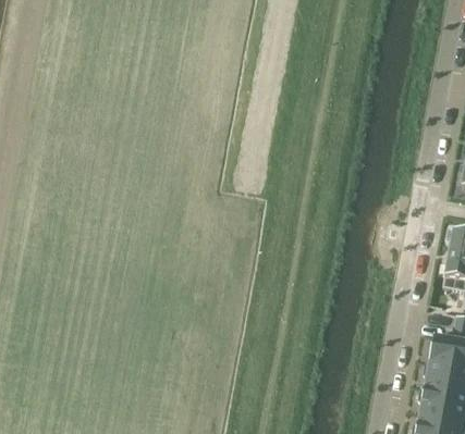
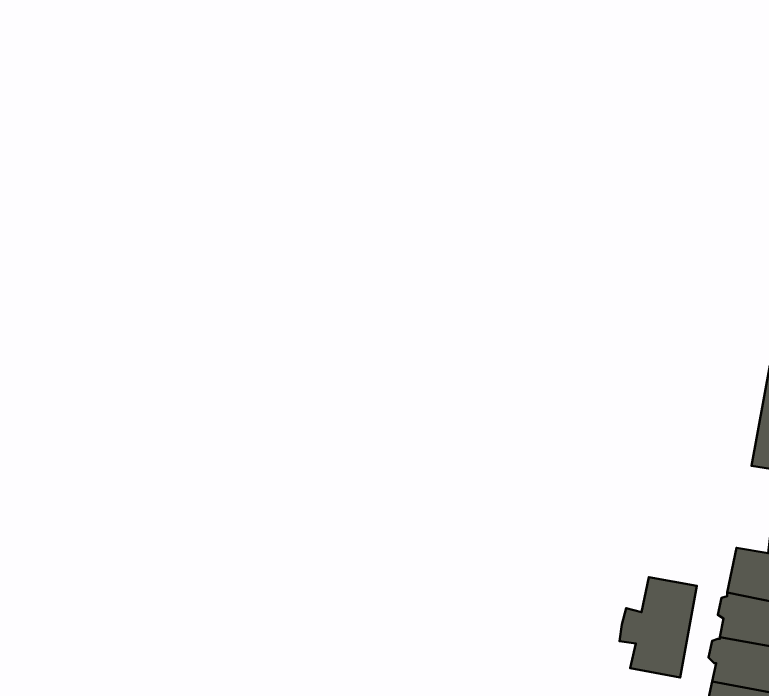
building: none -> [619,577,697,677]

